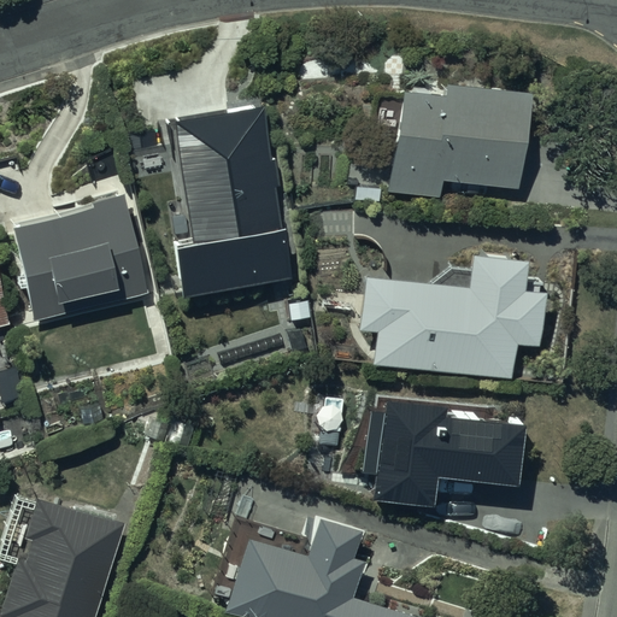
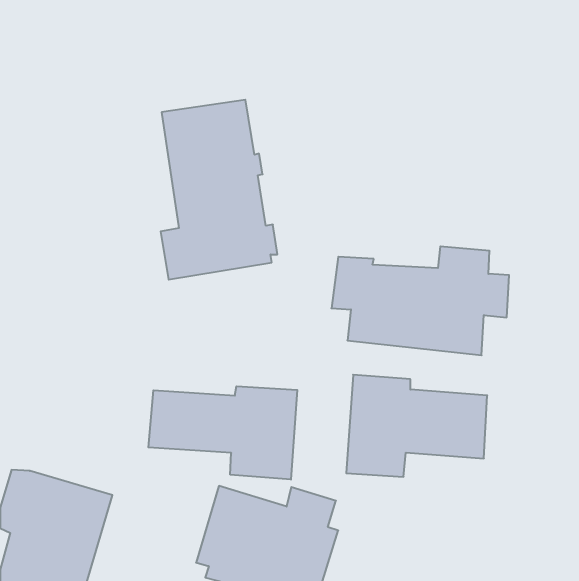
building: [374,84,530,200] -> none
building: [14,196,151,321] -> none
building: none -> [148,386,297,480]

